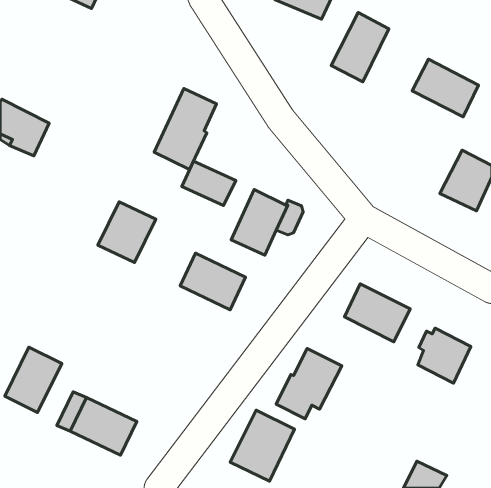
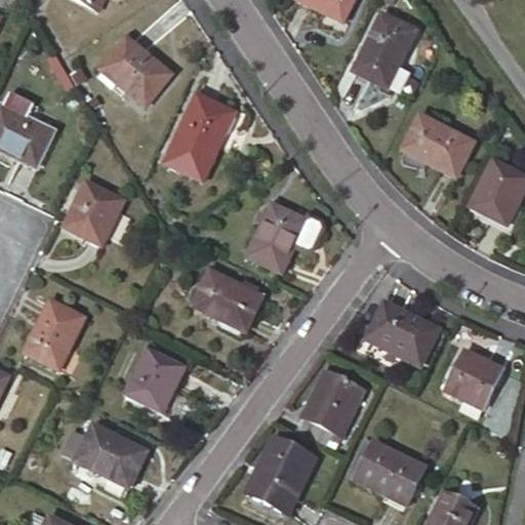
building: none -> [100,37,171,106]
building: [412,59,479,117] -> [403,115,474,176]
building: [182,161,236,205] -> none
building: [98,202,156,262] -> [64,180,125,245]
building: none -> [125,348,186,412]
building: [5,347,62,413] -> [25,299,85,369]
building: none -> [355,440,426,504]

